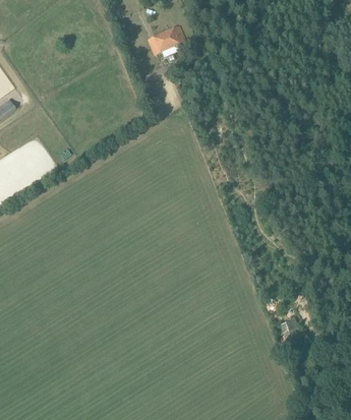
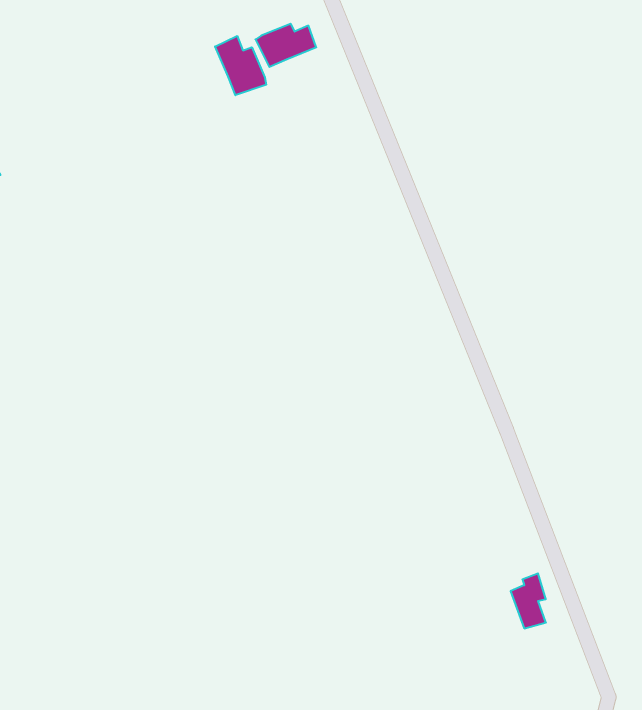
building: none -> [215,36,266,95]

